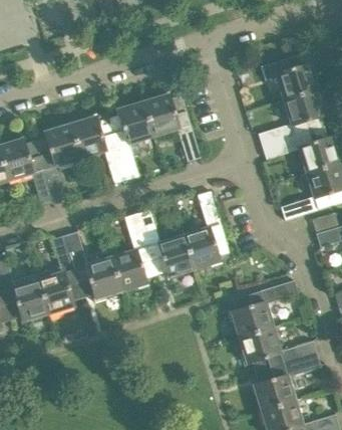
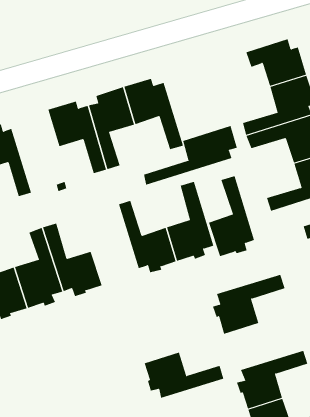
building: [35,122,80,202] -> none
building: none -> [144,125,238,185]
building: [111,213,156,291] -> [208,176,255,257]
building: [239,328,316,373] -> [144,352,224,399]

